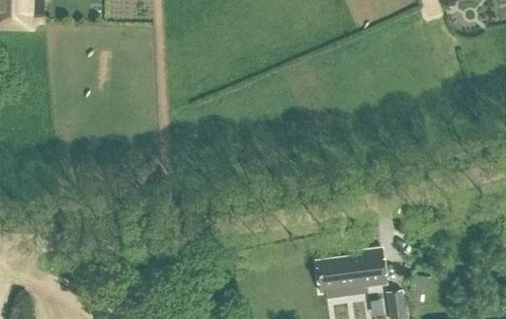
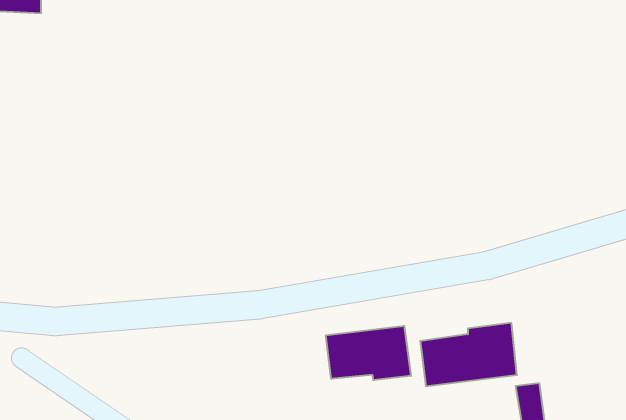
building: none -> [326,326,411,380]

